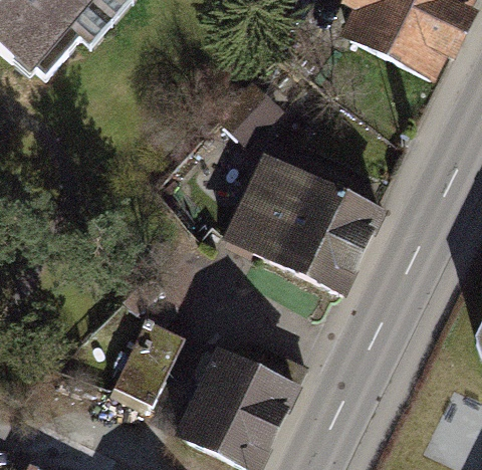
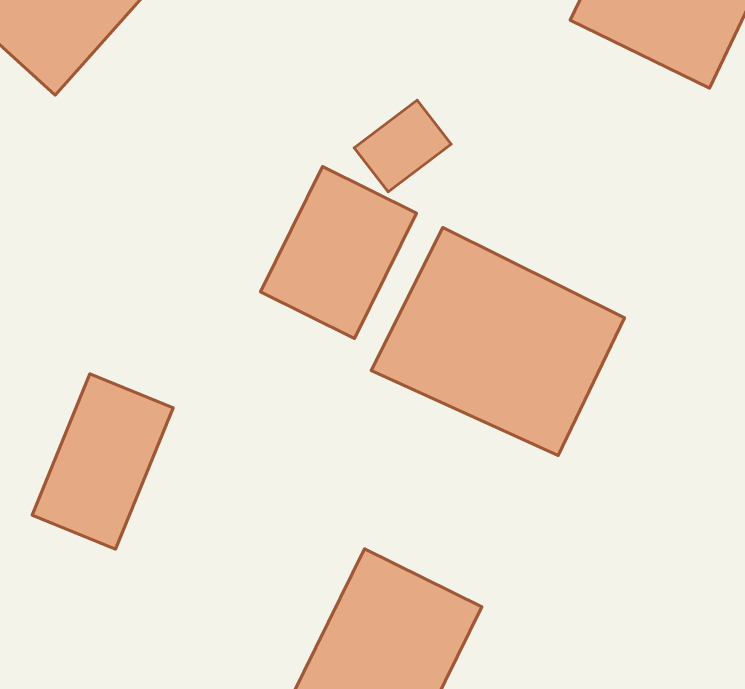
building: none -> [261,167,417,338]
building: [106,309,190,413] -> [32,374,173,549]

